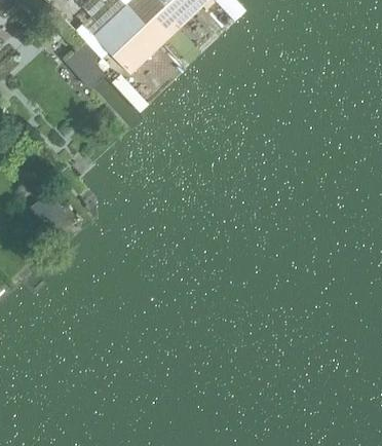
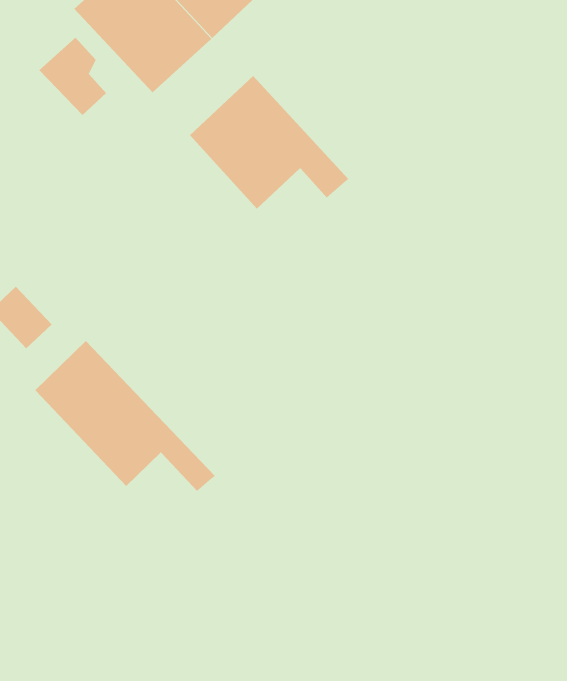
building: none -> [189,75,349,209]
building: none -> [35,340,215,492]

